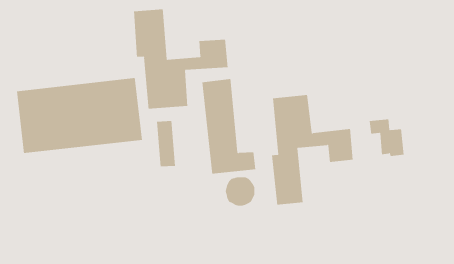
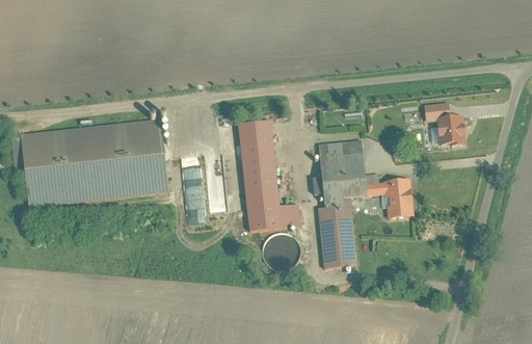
building: [133,8,228,110] -> none
building: [369,119,404,156] -> [425,103,467,147]

